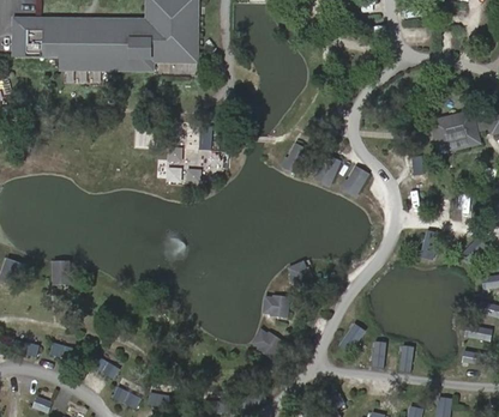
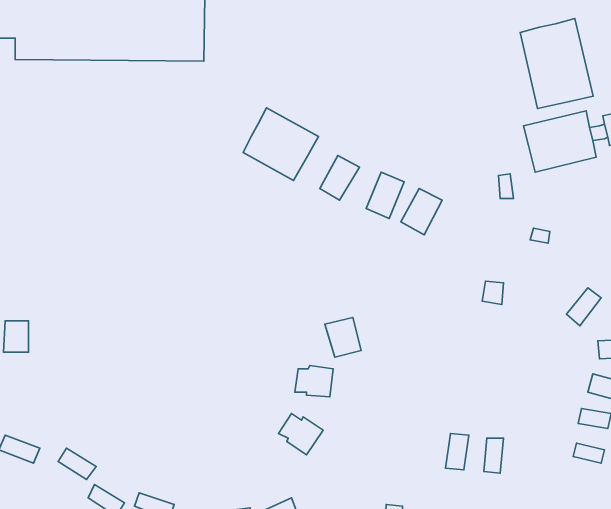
building: none -> [520,18,593,109]
building: none -> [243,108,318,181]

